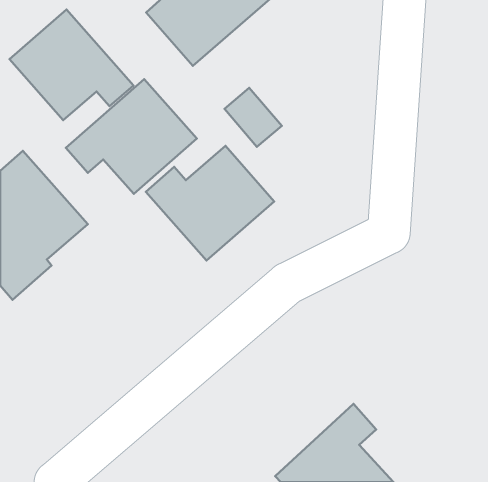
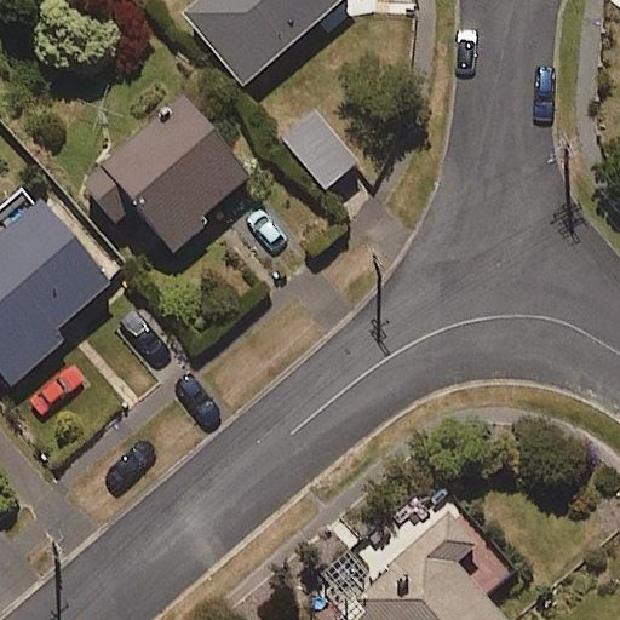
building: [9,9,133,120] -> none
building: [146,146,274,261] -> none

